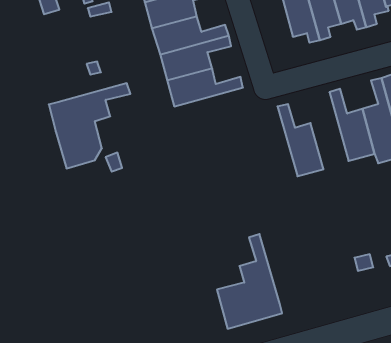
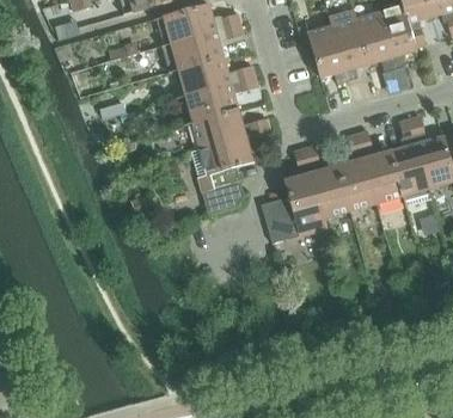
building: [49,83,130,168] -> [191,129,274,215]
building: none -> [338,134,377,211]
building: [217,234,282,329] -> [262,148,327,244]

